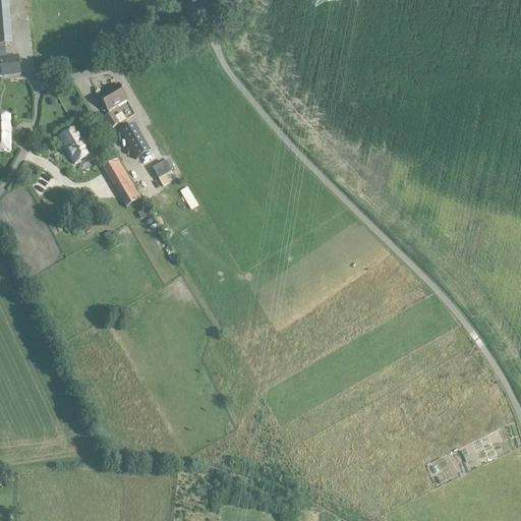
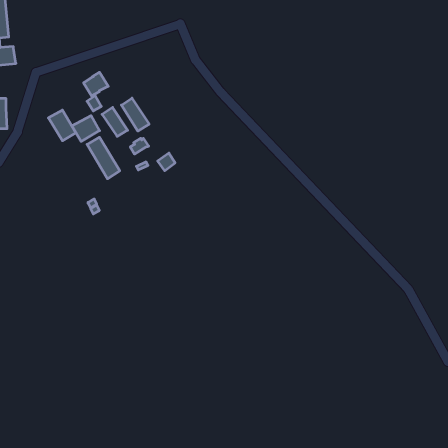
building: none -> [121,98,149,131]
building: none -> [72,116,100,141]

